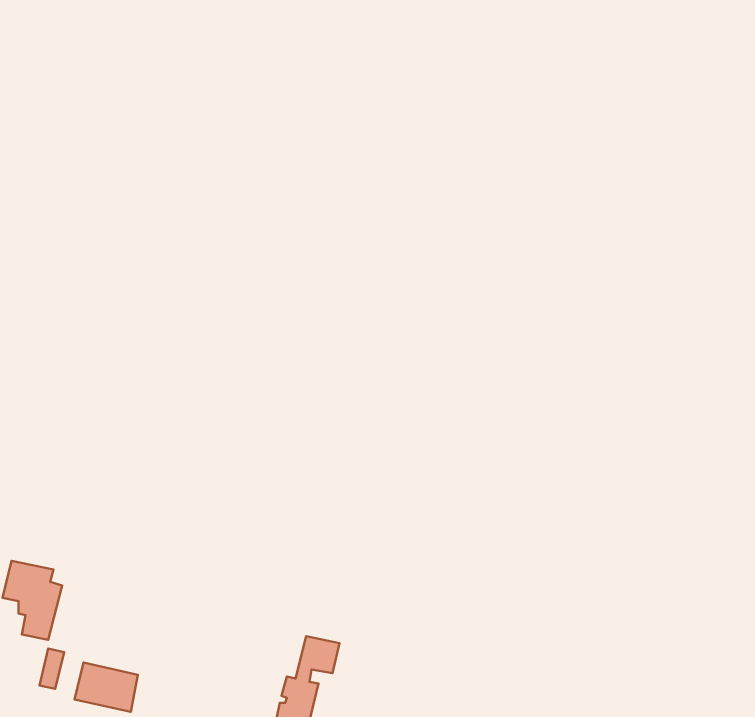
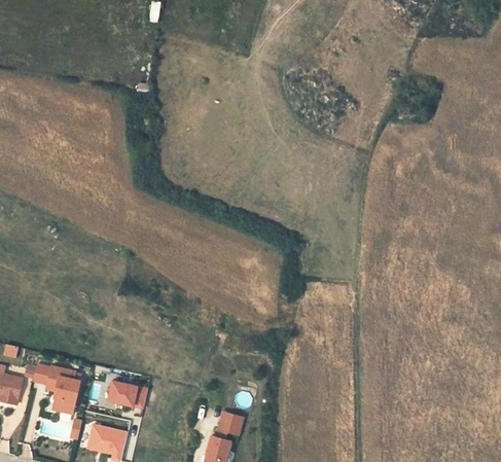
building: none -> [107,382,145,407]

